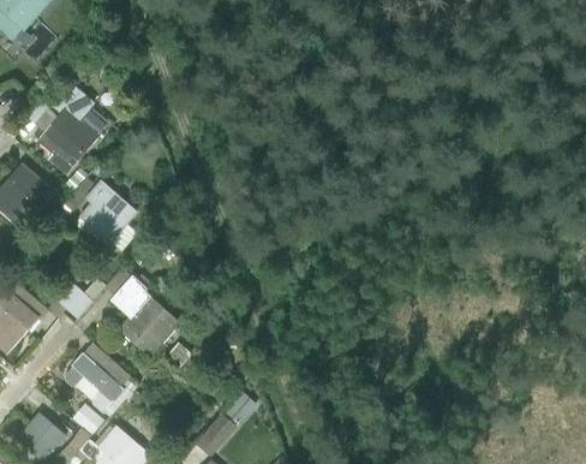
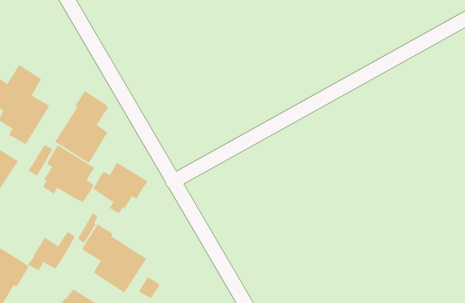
building: none -> [55,90,109,164]
building: none -> [92,162,148,214]

